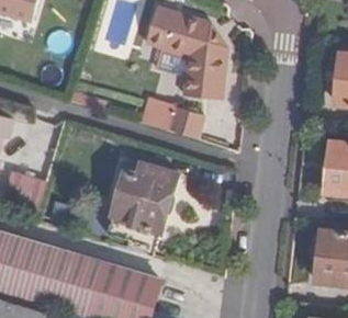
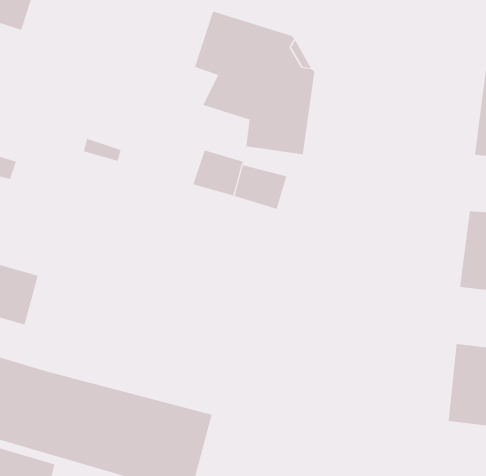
building: [108,157,179,246] -> none

